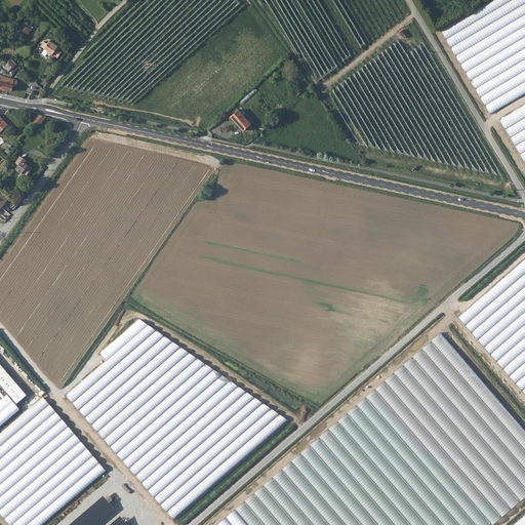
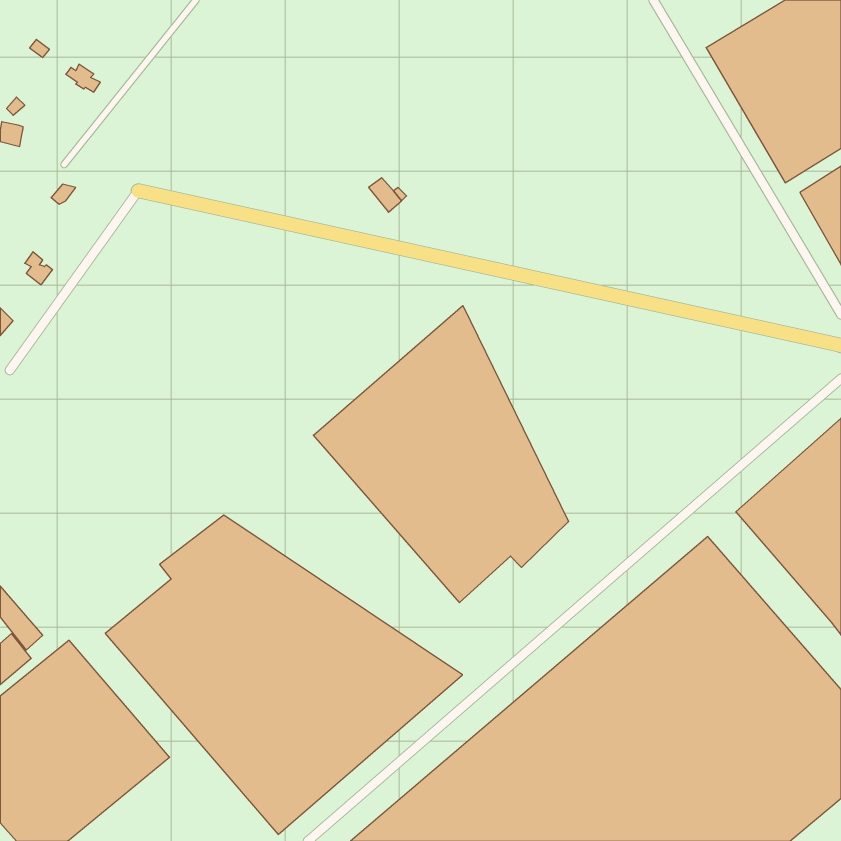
building: none -> [313,306,569,603]

